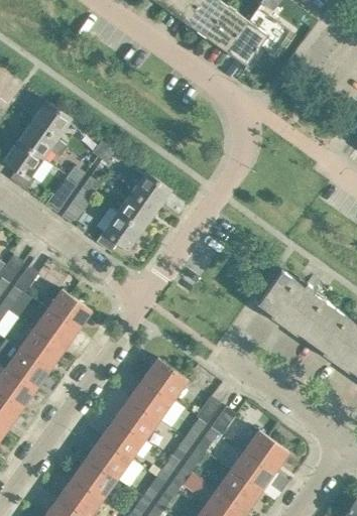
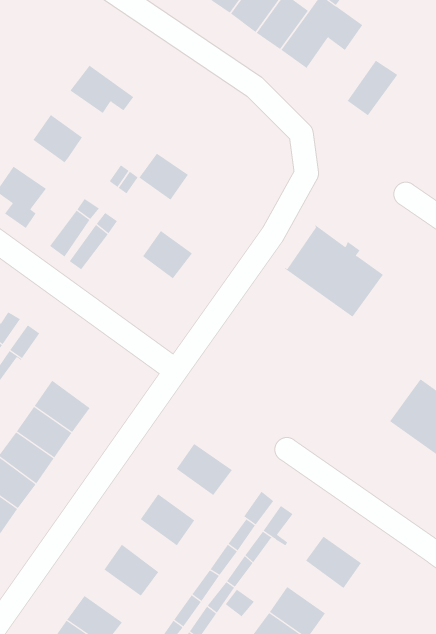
building: none -> [347,60,398,116]
building: [16,122,67,160] -> [70,65,134,114]
building: [131,173,170,211] -> [138,153,189,201]
building: [95,213,141,253] -> none
building: [256,269,334,342] -> [284,225,384,317]
building: [46,290,91,332] -> none
building: [129,379,172,419] -> none
building: [101,418,144,460] -> none
building: [230,450,274,492] -> none
building: [72,458,116,499] -> none

